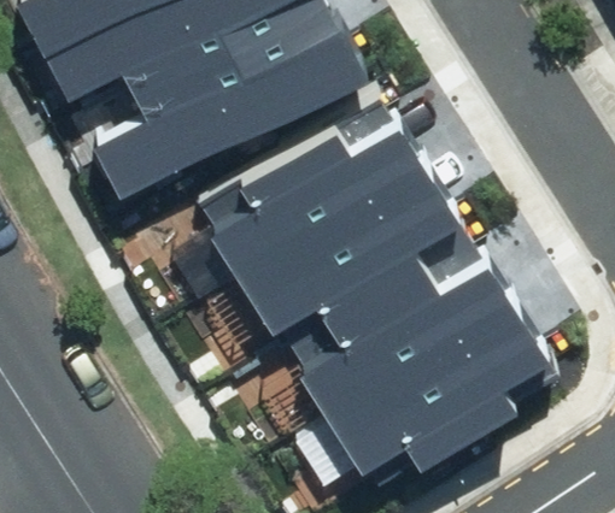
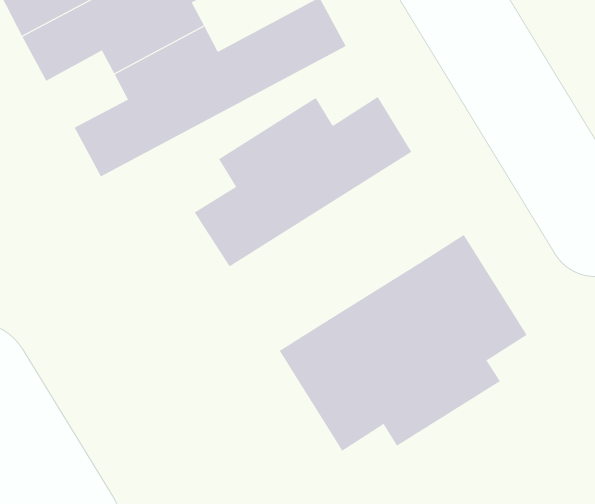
building: [245,160,451,331] -> none

